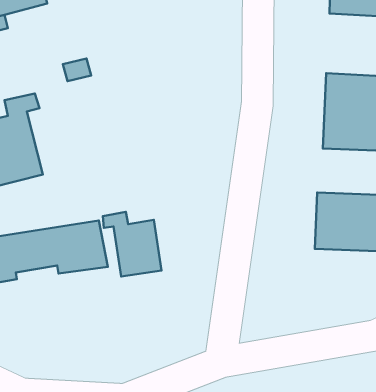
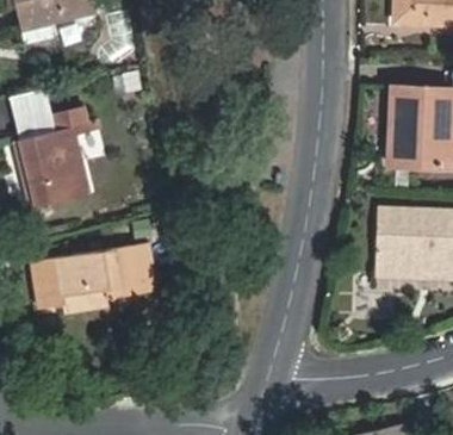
building: [103,212,162,276] -> none

